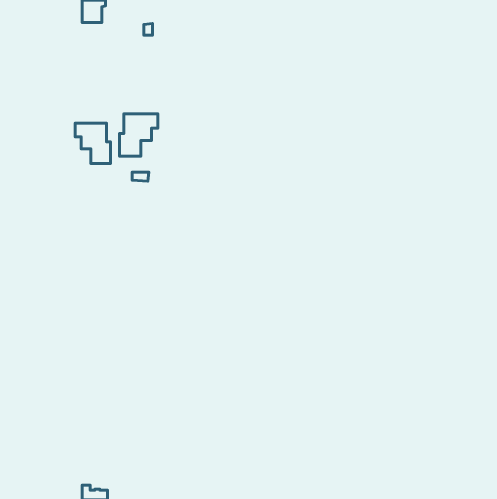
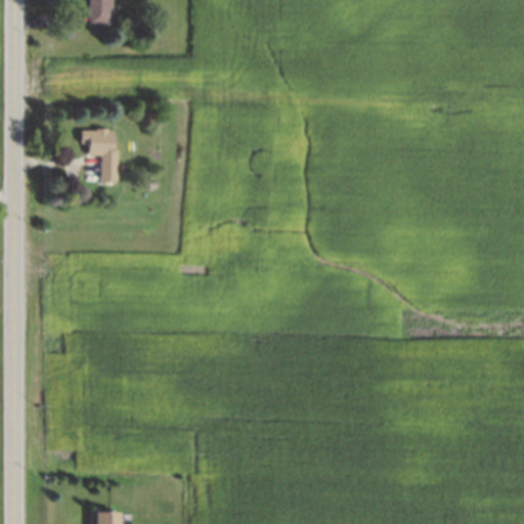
building: [120,114,158,156] -> none

